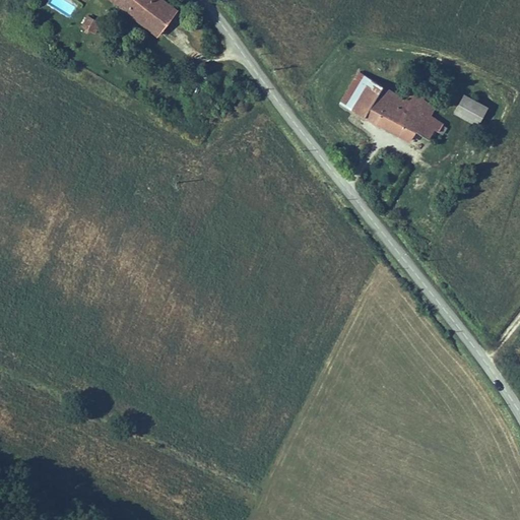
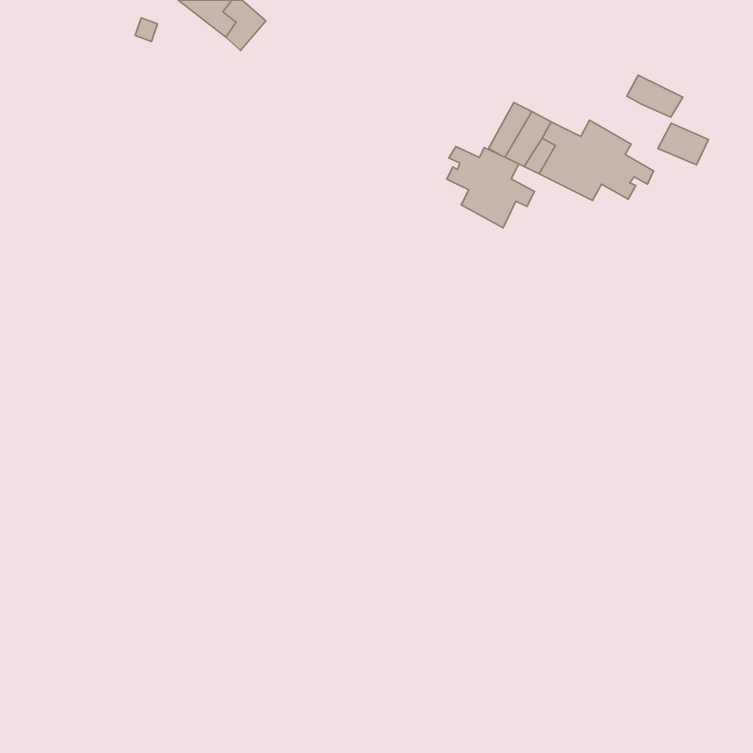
building: none -> [627,75,683,117]
building: none -> [447,146,534,228]

